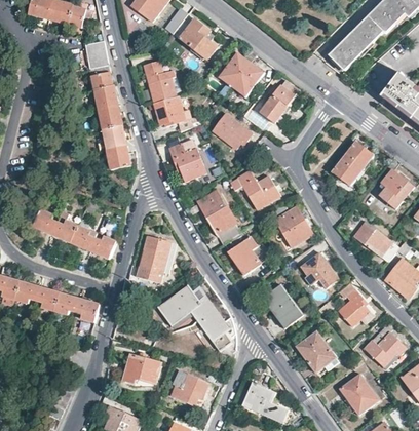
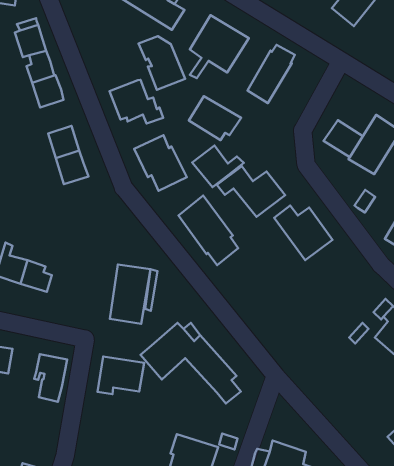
building: [143,61,176,102] -> [139,36,185,90]
building: [99,105,121,129] -> none
building: none -> [323,120,363,157]
building: none -> [192,145,244,187]
building: [89,233,116,259] -> none
building: [226,235,265,275] -> none
building: [299,251,339,288] -> none
building: [262,284,302,327] -> none
building: [53,291,79,314] -> none
building: [295,330,338,371] -> none
building: [122,354,160,384] -> [97,356,144,394]

